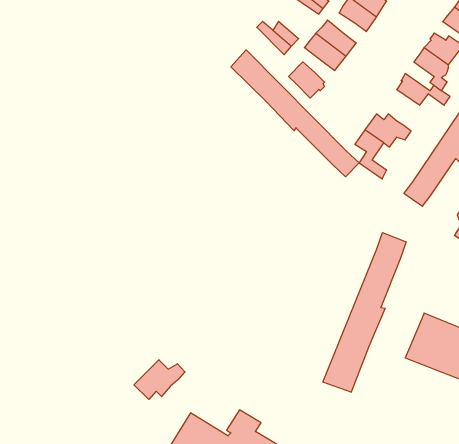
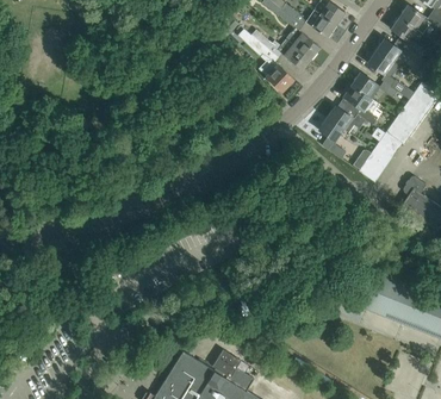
building: [231,50,359,177] -> none
building: none -> [343,85,377,124]
building: [323,233,406,392] -> none
building: [134,360,185,399] -> none

